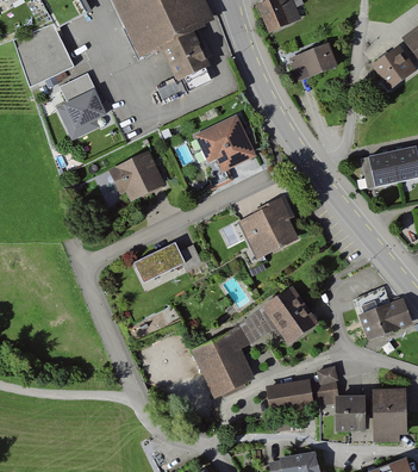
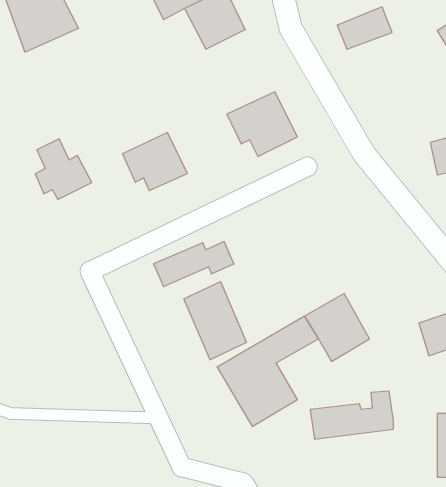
building: [55,74,102,125] -> [35,139,92,199]
building: [237,197,299,259] -> none
building: none -> [184,282,247,360]
building: [337,395,366,428] -> none

